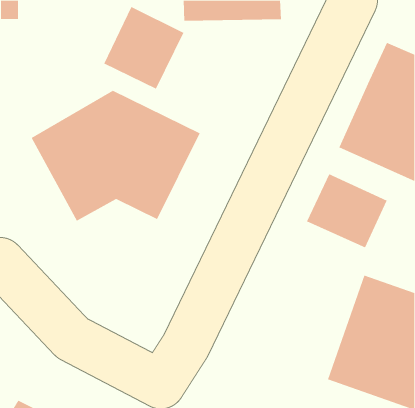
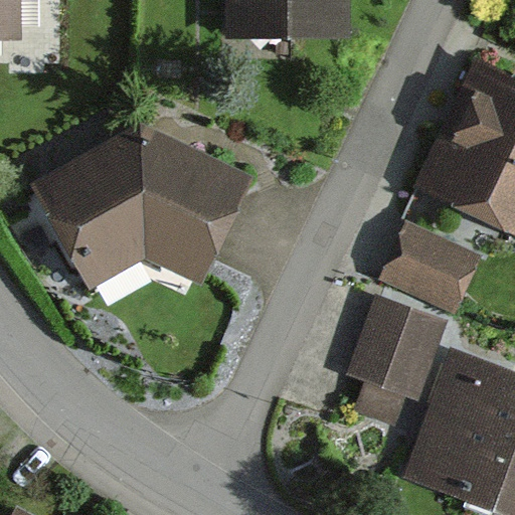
building: [104,6,184,90] -> none
building: none -> [347,296,452,432]

